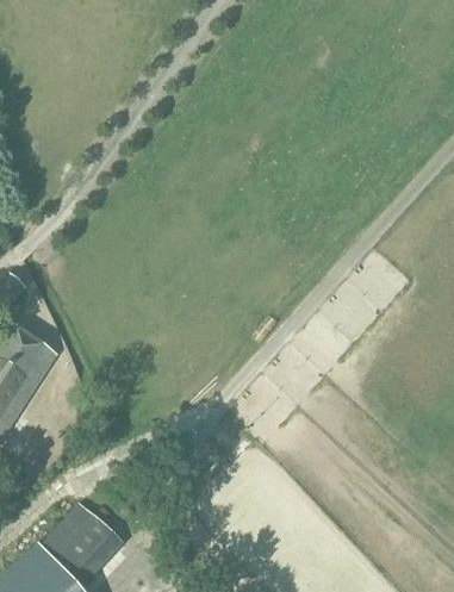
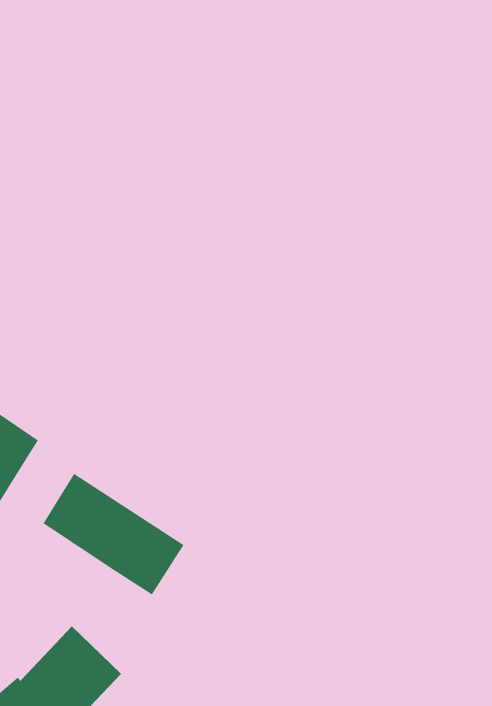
building: none -> [43,473,185,596]

